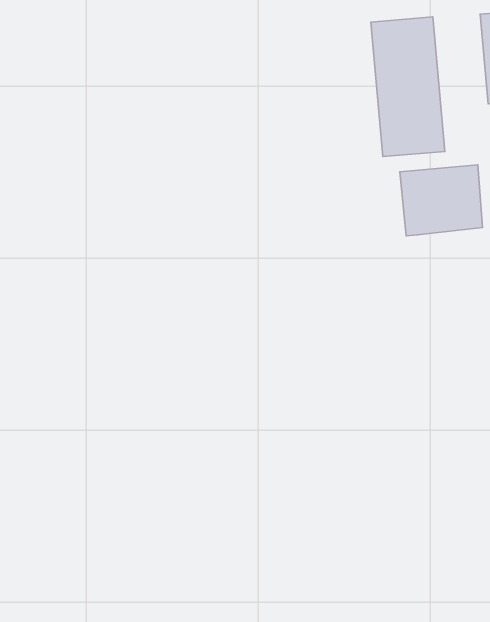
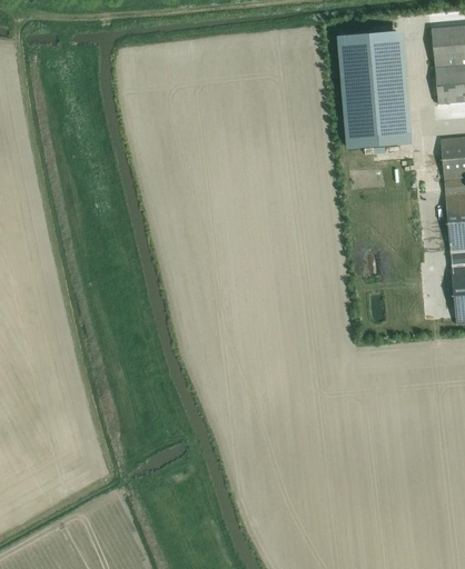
building: [400,165,483,236] -> none

